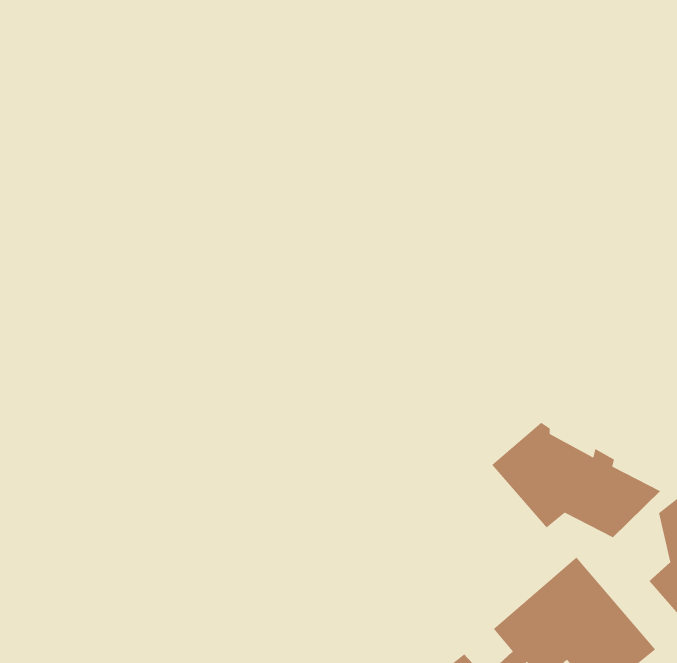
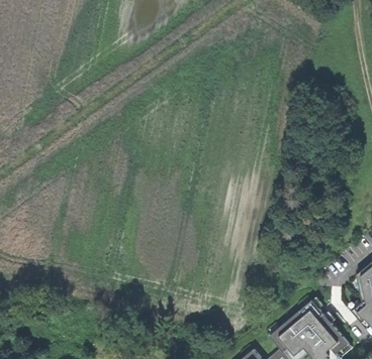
building: [491,422,661,538] -> none

